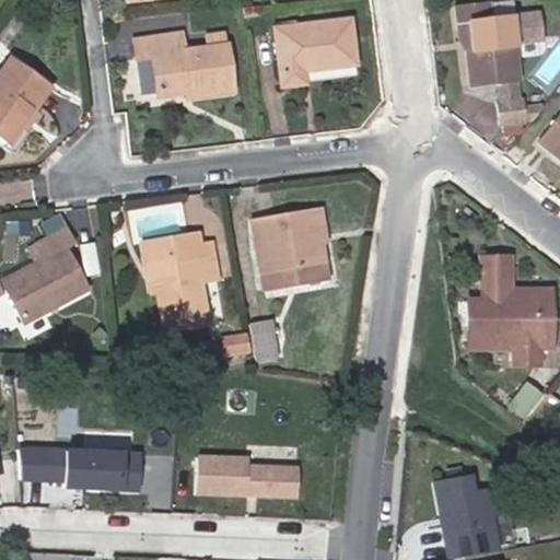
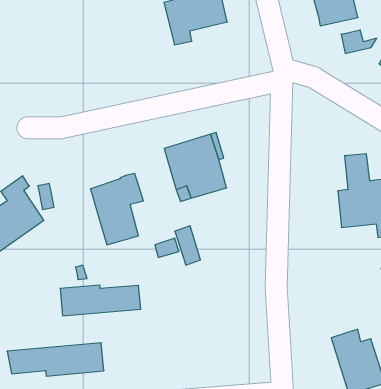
building: [138,32,234,96] -> none
building: [144,233,200,290] -> none
building: [199,456,301,495] -> [60,285,141,316]

